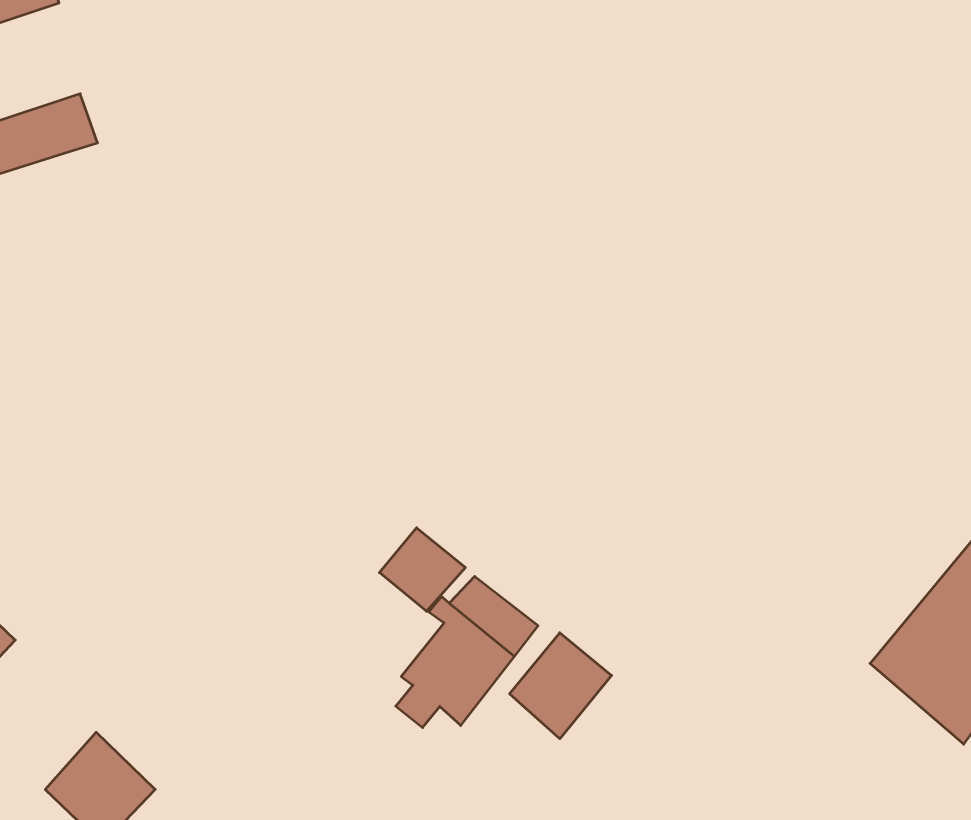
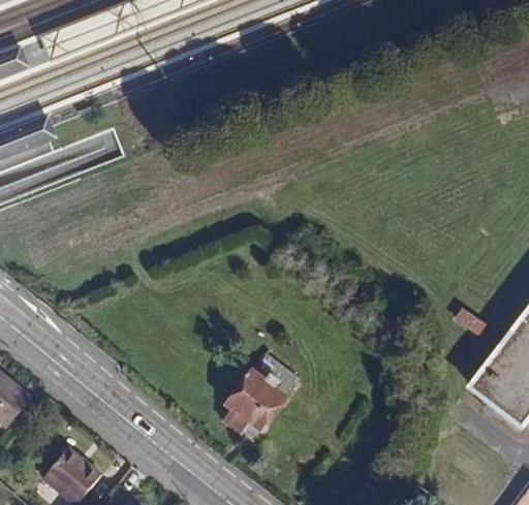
building: [379,528,465,611] -> none
building: [510,633,612,739] -> none

